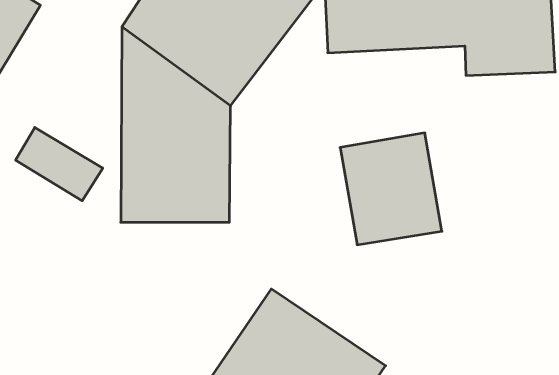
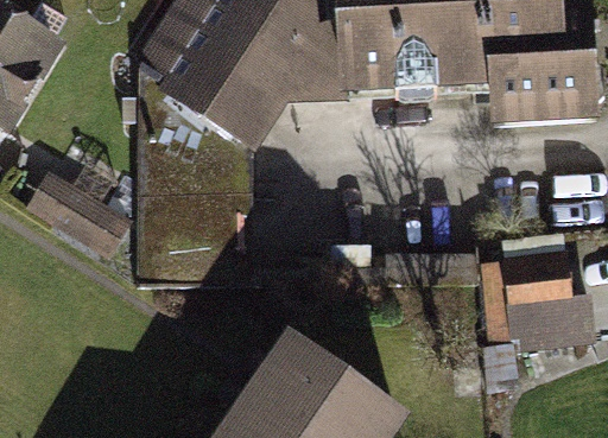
building: [340,133,442,245] -> [483,250,590,368]

